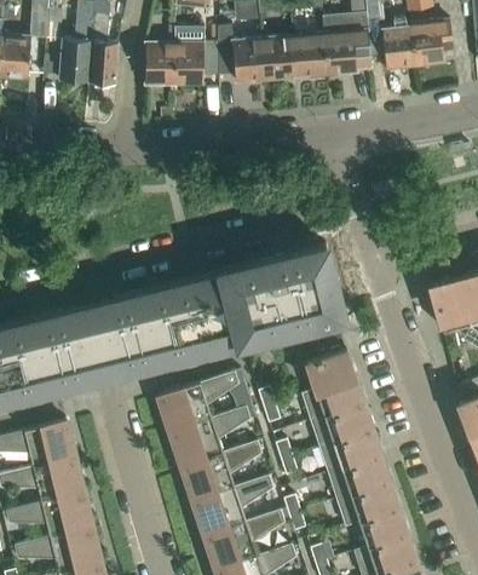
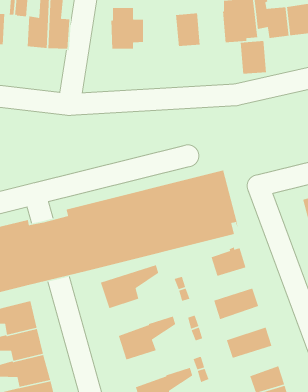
building: [217,24,263,81] -> none
building: [145,27,174,82] -> none
building: [289,30,326,76] -> [240,40,267,75]
building: [300,375,363,419] -> none
building: [169,406,249,466] -> none
building: [318,427,381,472] -> none
building: [192,473,272,535] -> none
building: [335,481,398,525] -> none

